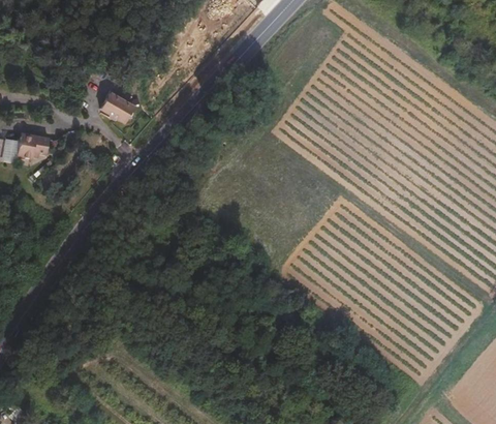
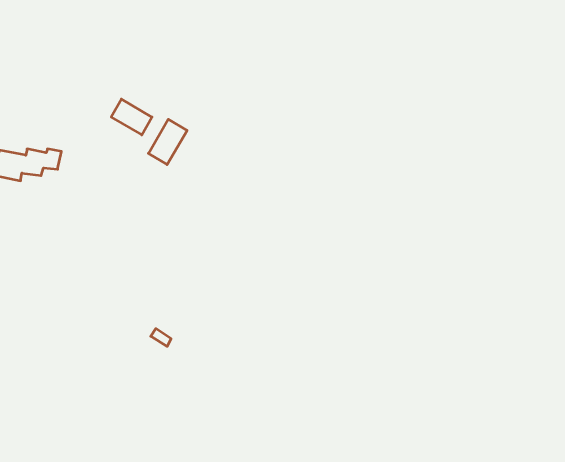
building: none -> [148,119,187,165]

